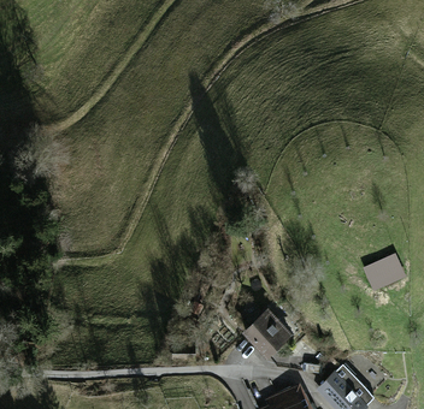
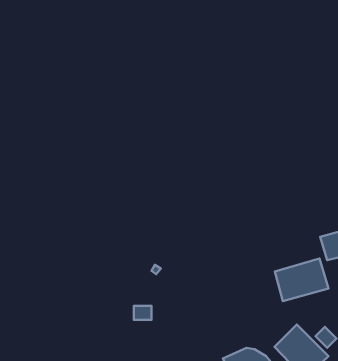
building: none -> [275,259,329,301]
building: [246,310,288,352] -> none

